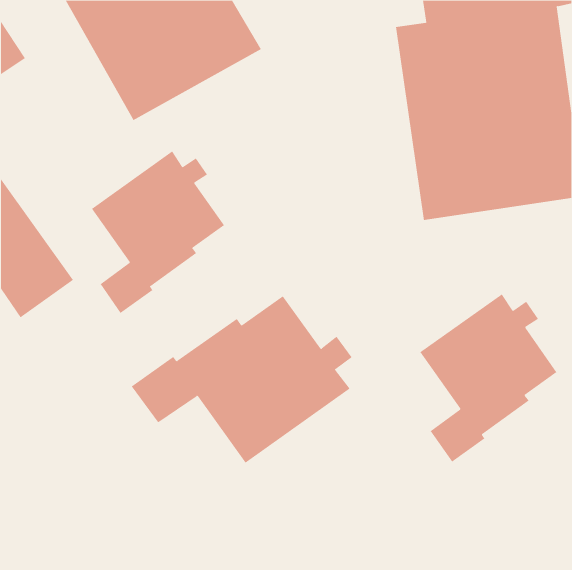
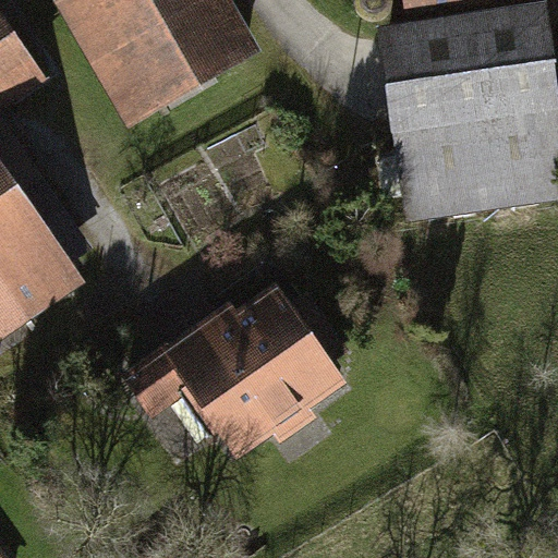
building: [91,151,225,314] -> none
building: [420,293,557,462] -> none

